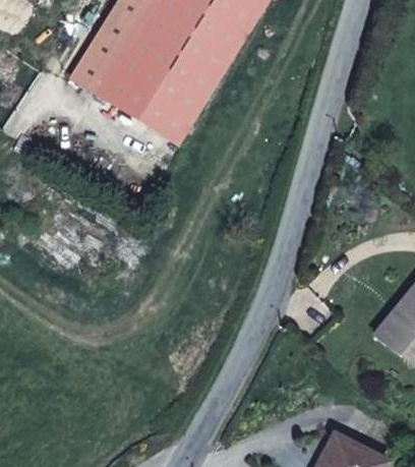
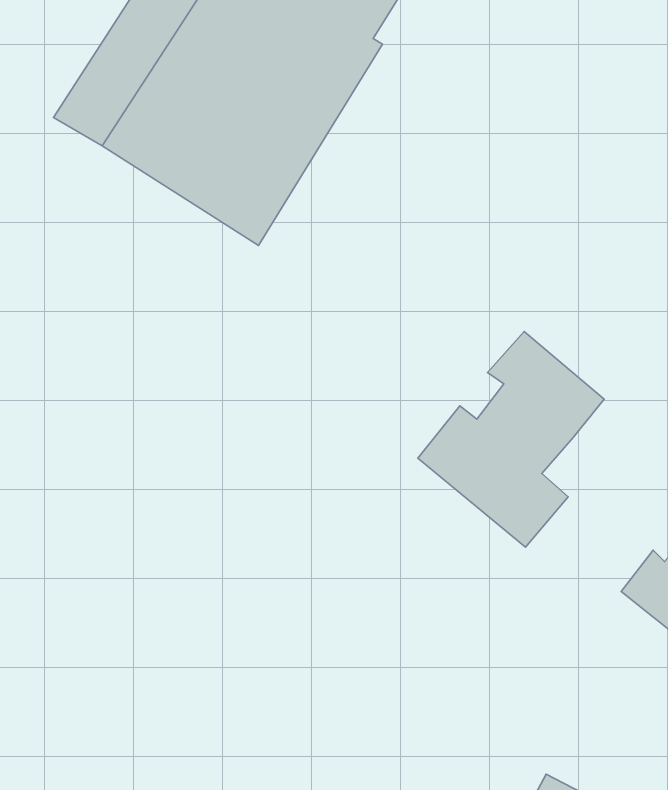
building: none -> [418,331,604,547]

